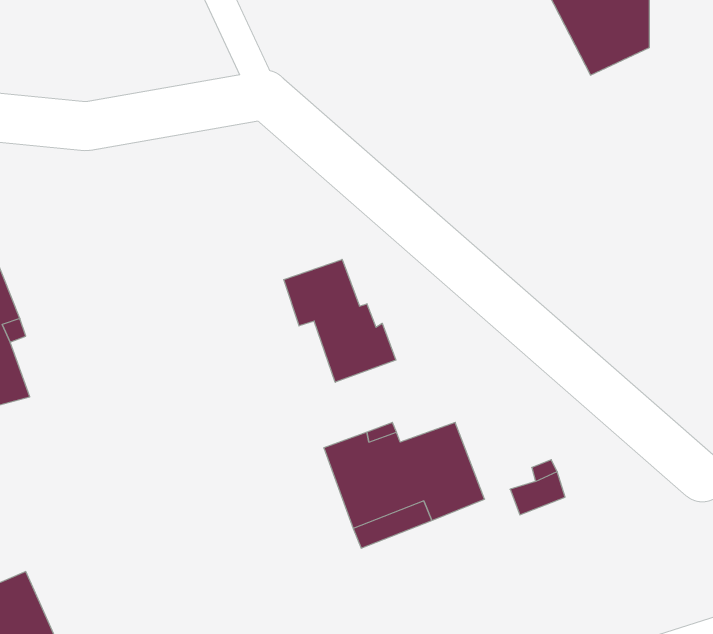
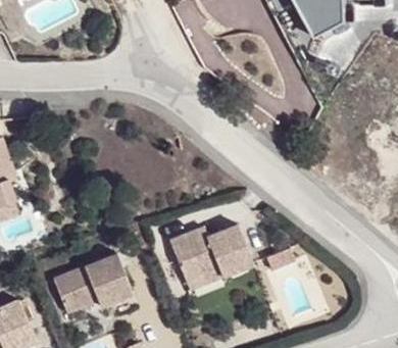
building: [284,259,396,382] -> none
building: none -> [56,253,133,310]

